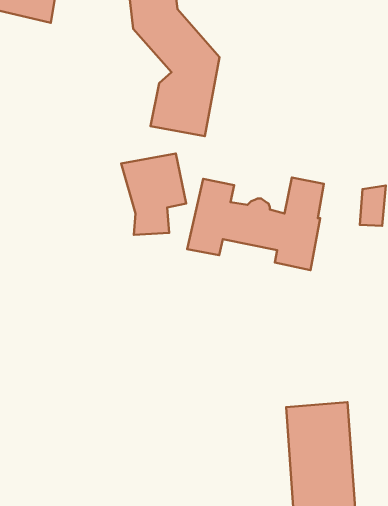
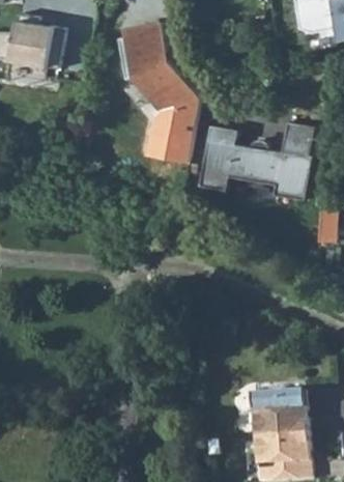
building: [121,153,186,235] -> none
building: [187,178,324,270] -> [199,124,314,202]

